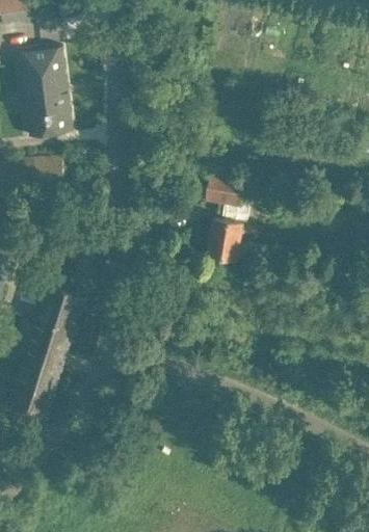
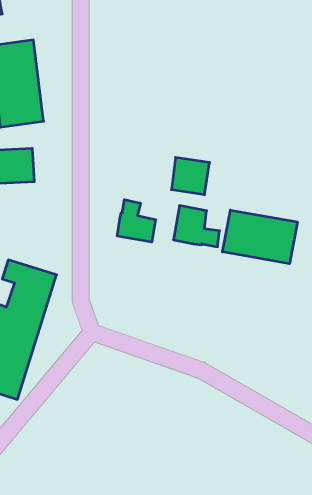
building: none -> [117,200,156,242]
building: none -> [222,210,297,264]

